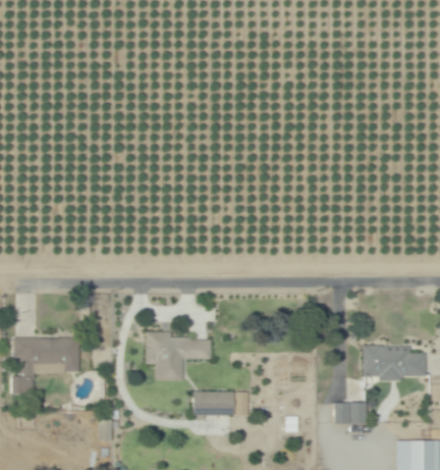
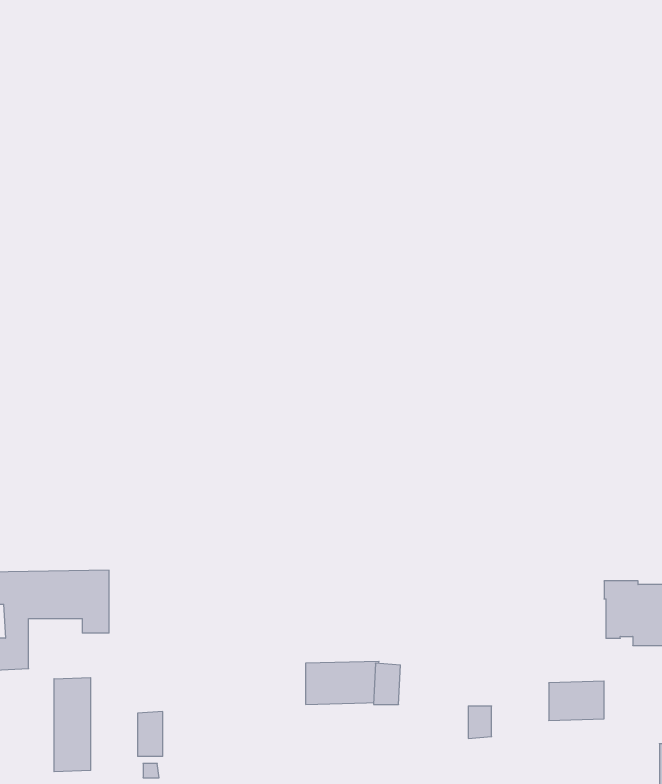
building: [148,331,213,381] -> none
building: none -> [54,678,91,772]

